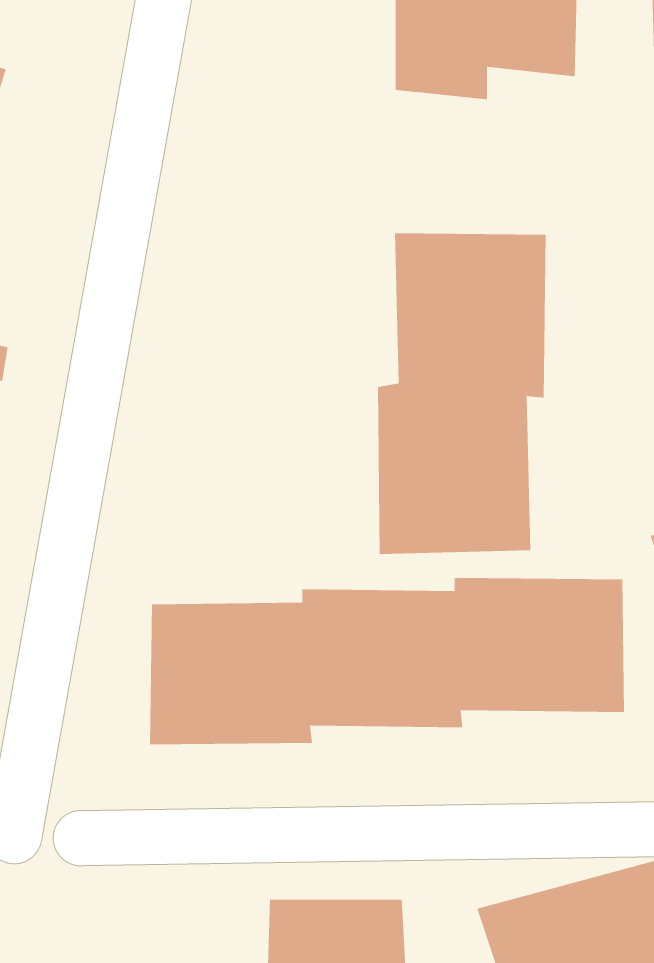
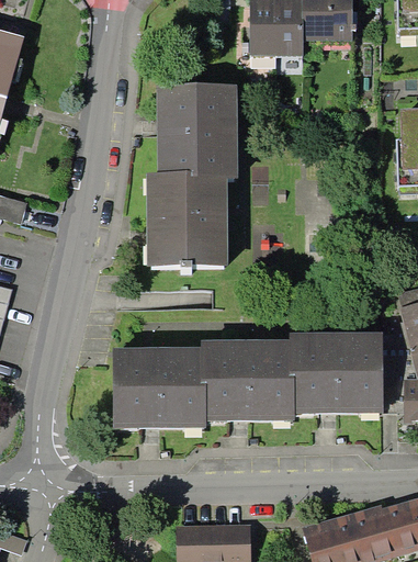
building: [377,233,546,554] -> [142,86,239,271]

